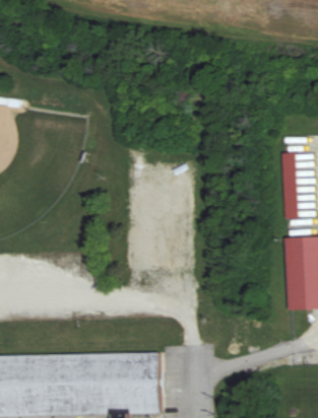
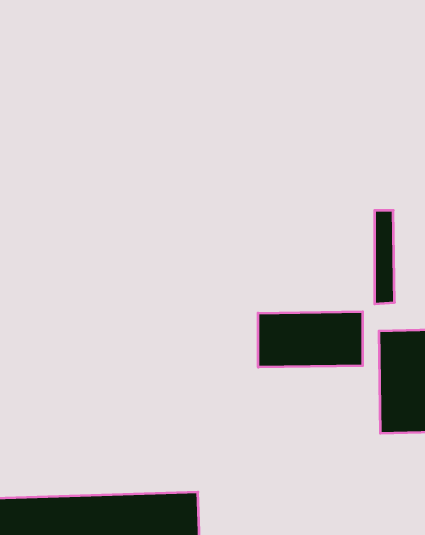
building: none -> [258,312,363,367]

